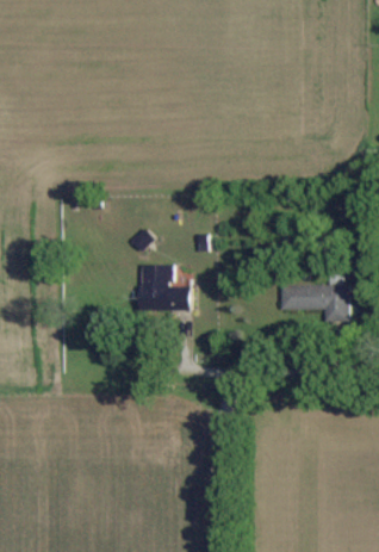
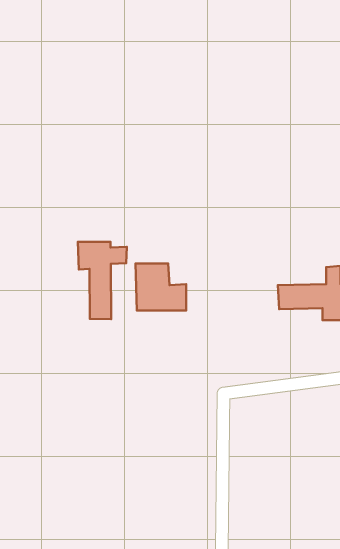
building: none -> [78,242,127,319]

